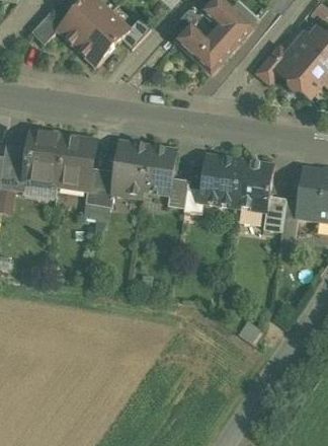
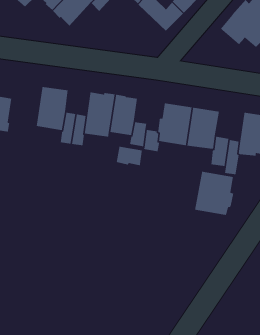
building: [254,44,288,83] -> none
building: [23,130,63,183] -> none
building: none -> [116,146,143,166]
building: none -> [194,171,234,216]

